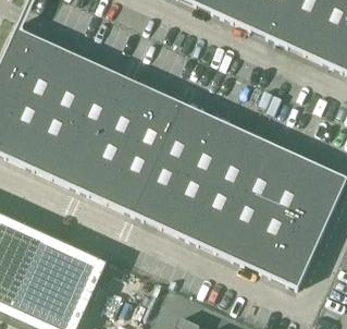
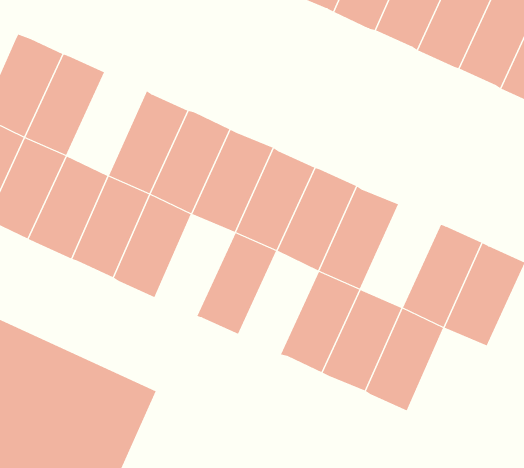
building: [48,52,100,120] -> none
building: [239,138,292,206] -> none
building: [106,145,158,211] -> none
building: [160,169,212,236] -> none
building: [270,219,322,285] -> none

